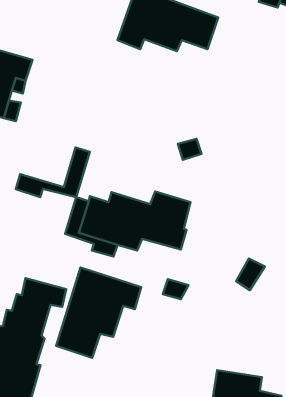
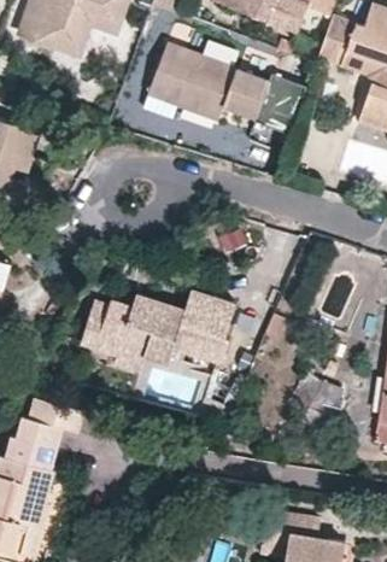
building: none -> [254,74,307,131]
building: [16,148,90,197] -> none
building: [56,267,141,358] -> none

